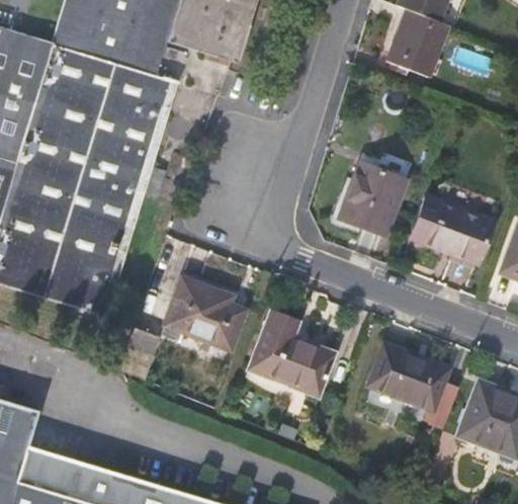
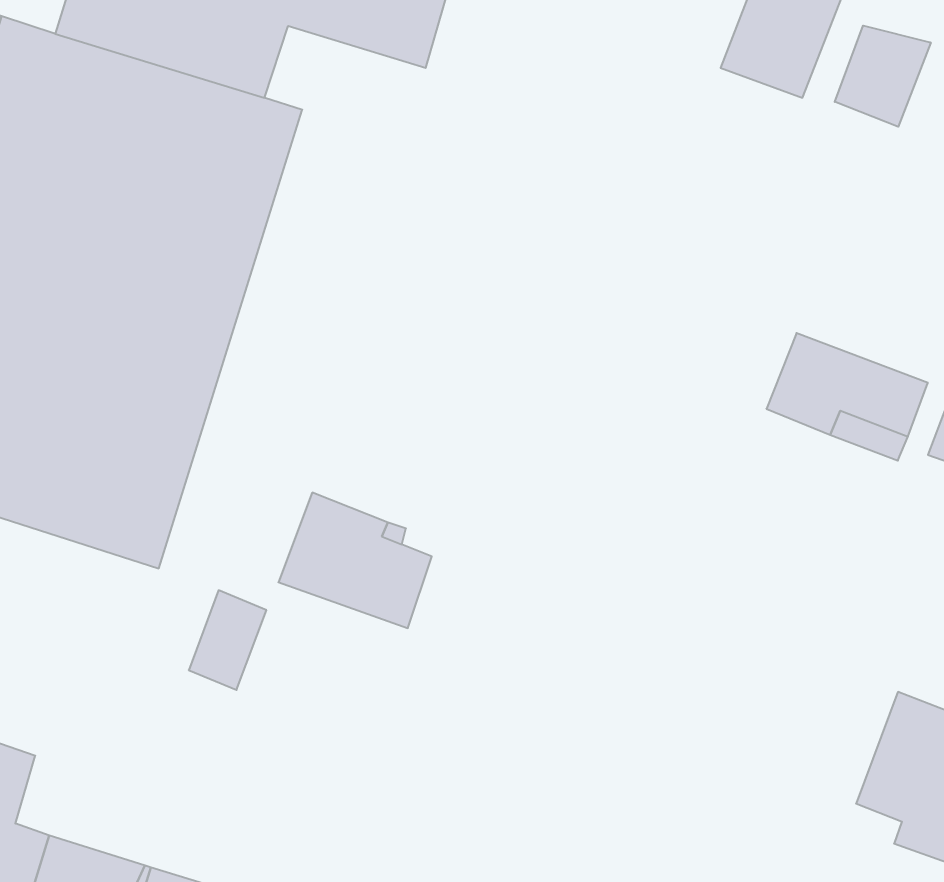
building: none -> [835,26,931,127]
building: [339,162,405,234] -> none
building: [245,313,332,396] -> none
building: [364,342,457,428] -> none

